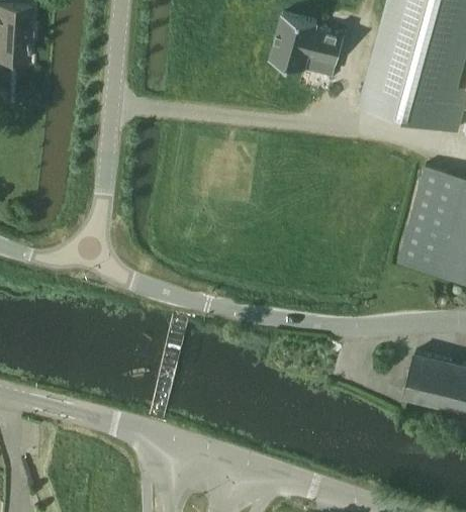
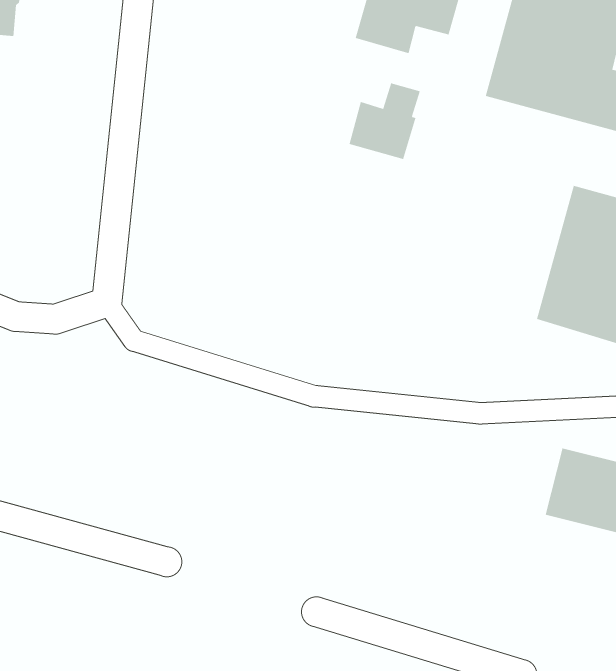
building: none -> [349,82,420,160]

